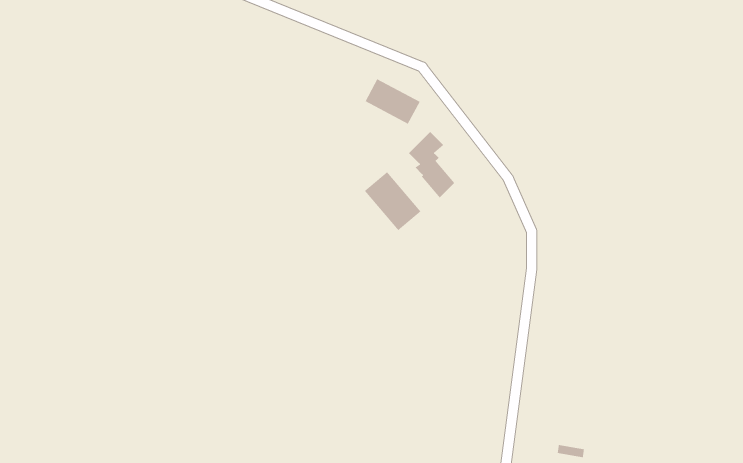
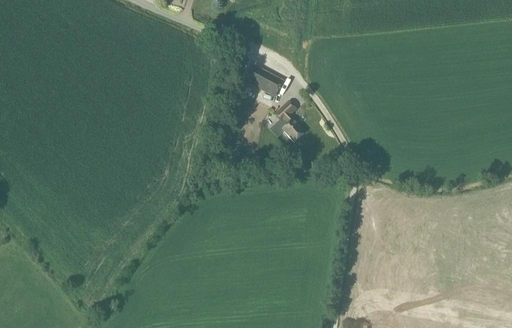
building: [364,171,422,231] -> none

